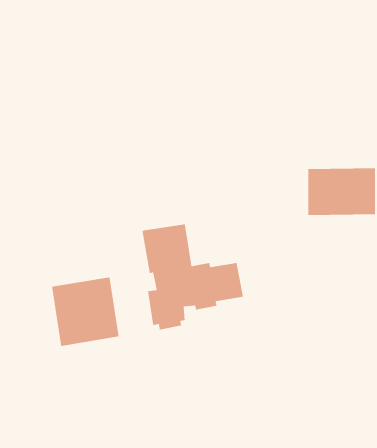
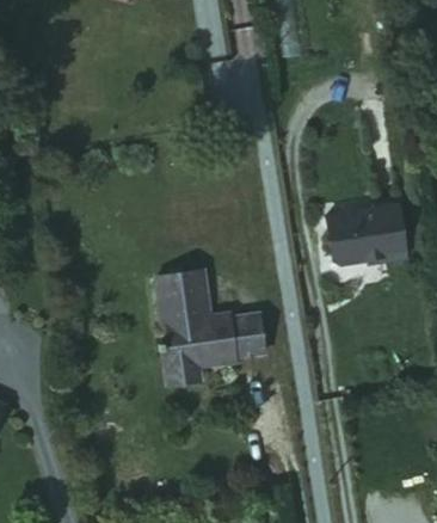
building: [51,276,119,347] -> none

